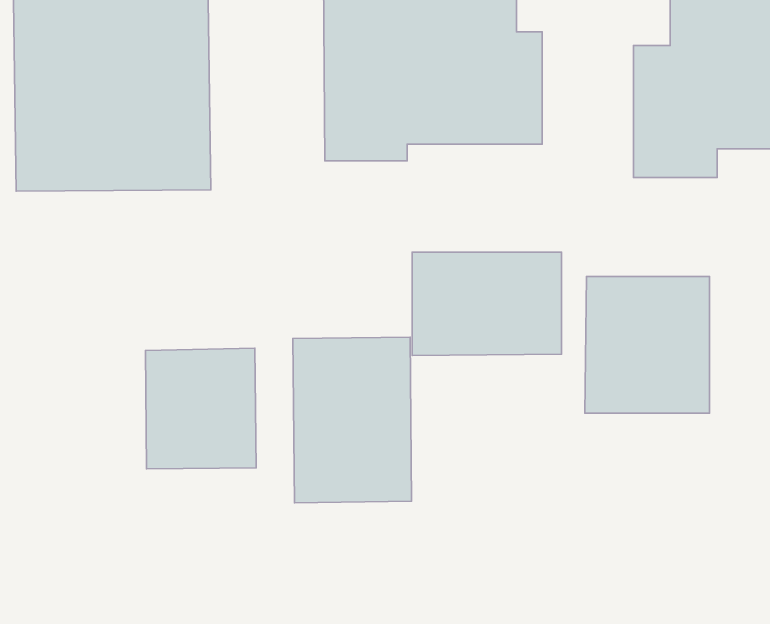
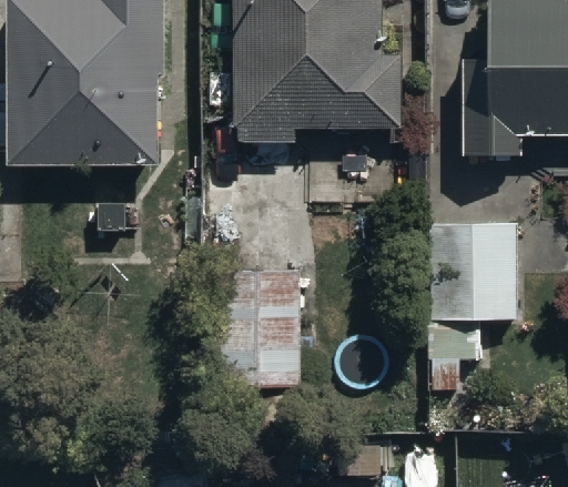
building: [412,252,561,356] -> none
building: [145,348,256,469] -> none

